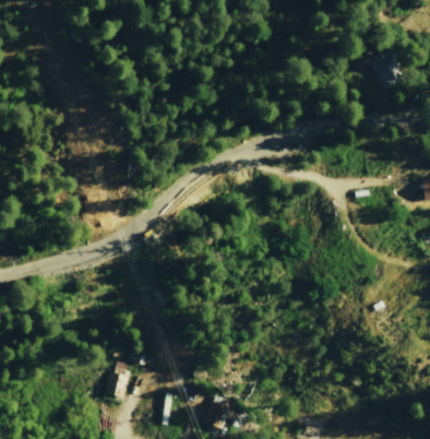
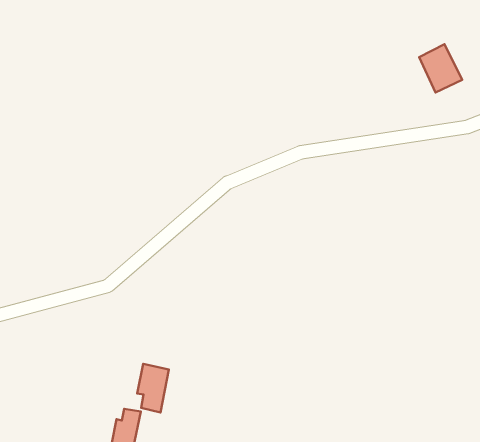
building: none -> [137,364,169,413]

